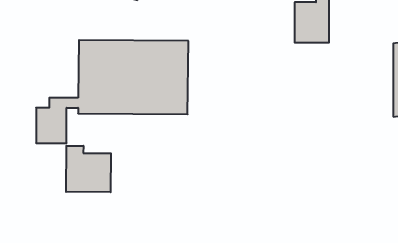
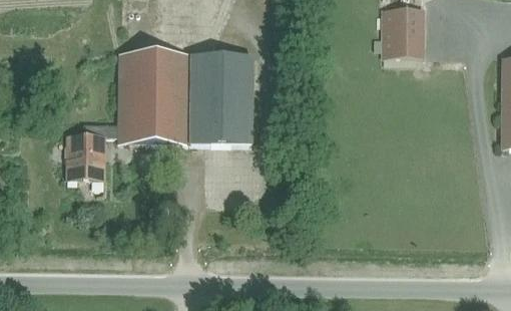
building: [66,146,111,192] -> none

